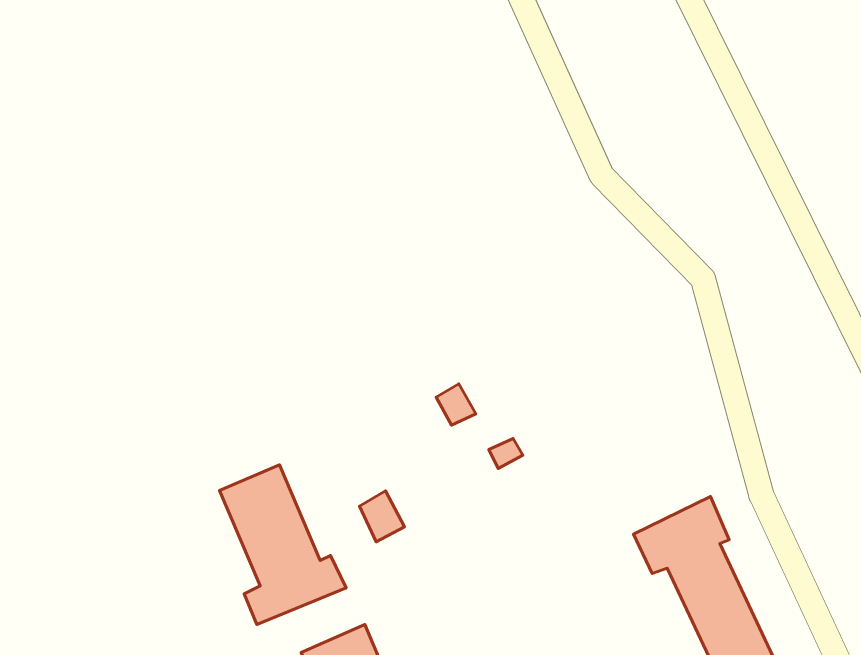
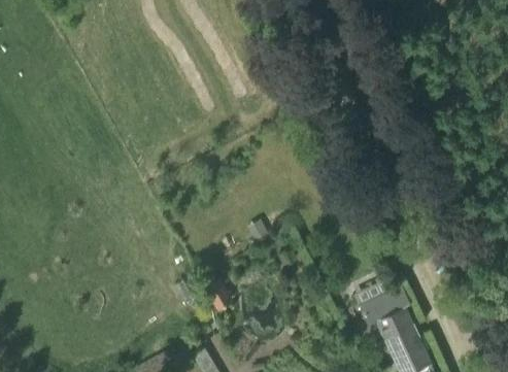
building: [219,465,346,625] -> none

